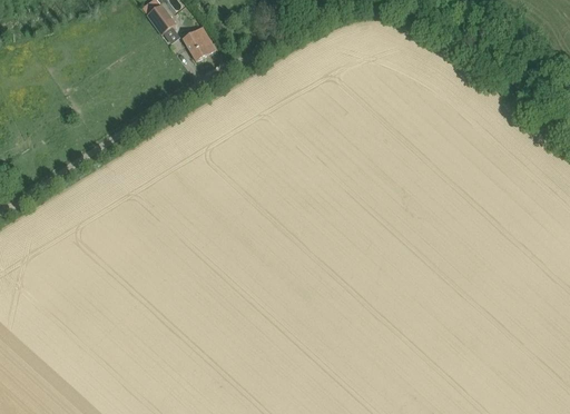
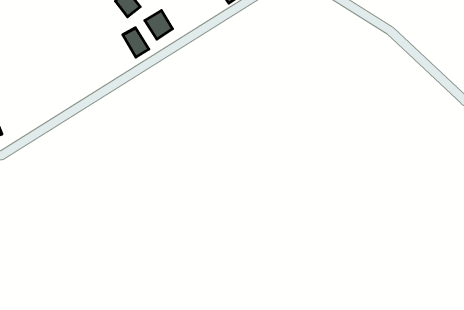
building: none -> [123,28,149,57]

